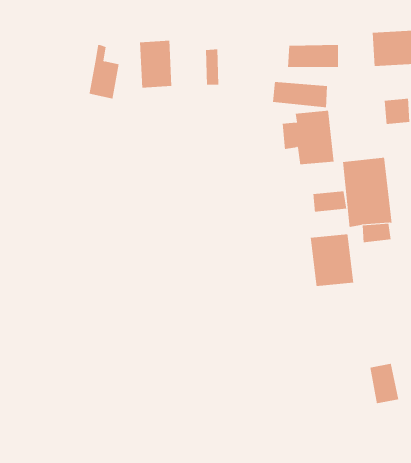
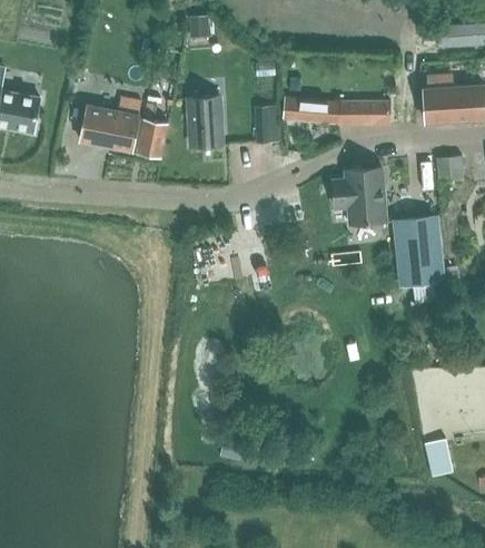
building: none -> [80,104,142,150]
building: [272,81,328,108] -> [283,97,339,124]
building: [313,190,347,212] -> none
building: [310,233,354,287] -> none

